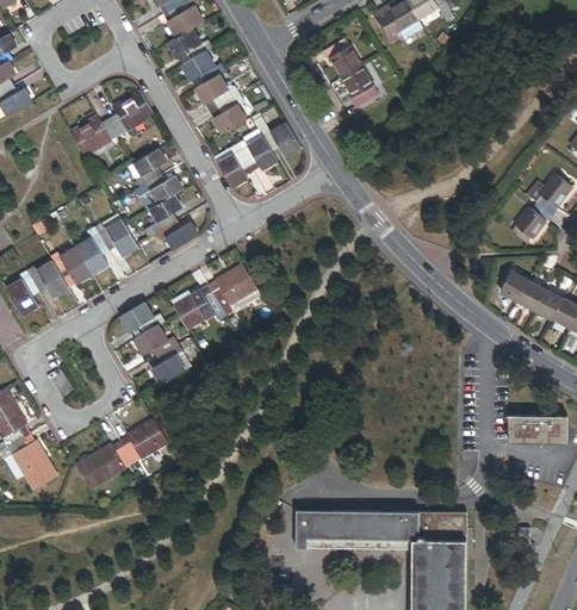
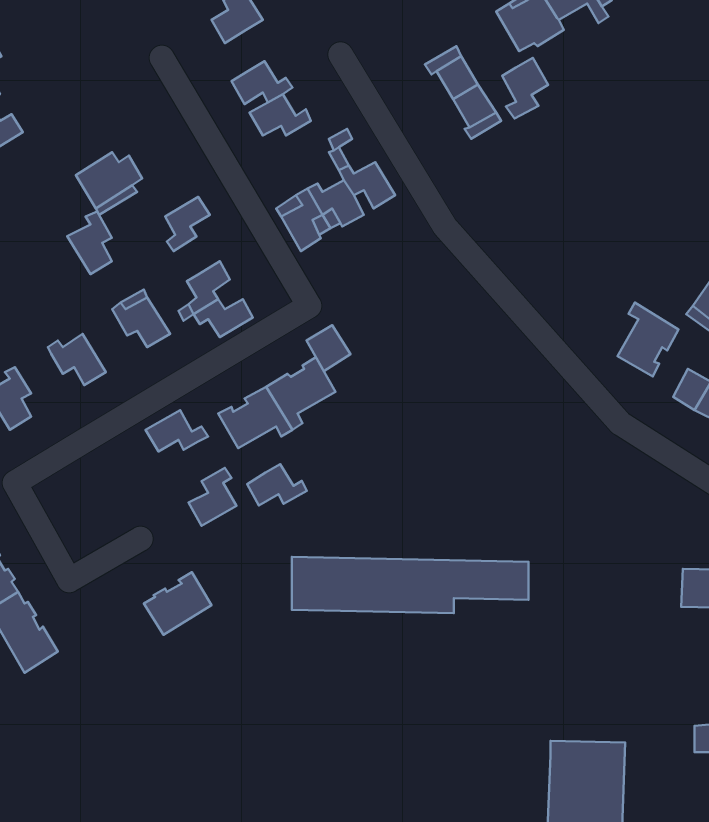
building: [168,27,212,58] -> none
building: none -> [502,58,548,119]
building: [108,91,154,135] -> none
building: [213,93,247,133] -> none
building: [141,175,182,204] -> none
building: none -> [617,303,679,377]
building: [75,229,107,274] -> [67,211,112,274]
building: none -> [307,325,350,371]
building: [26,261,68,297] -> none
building: [135,324,178,354] -> [247,464,307,506]
building: [75,441,134,490] -> none
building: [296,510,466,550] -> [292,557,528,613]

